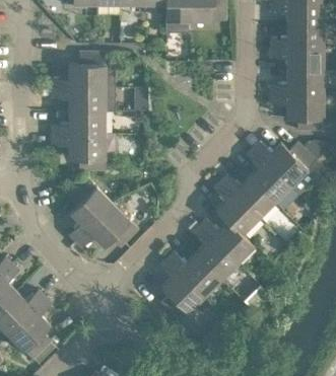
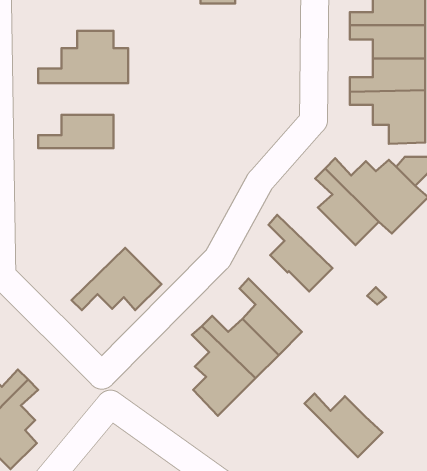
building: [52,89,115,111] -> none
building: [52,135,105,171] -> none
building: [219,174,274,219] -> none
building: [68,179,113,241] -> none
building: [199,219,254,264] -> [304,393,383,457]

